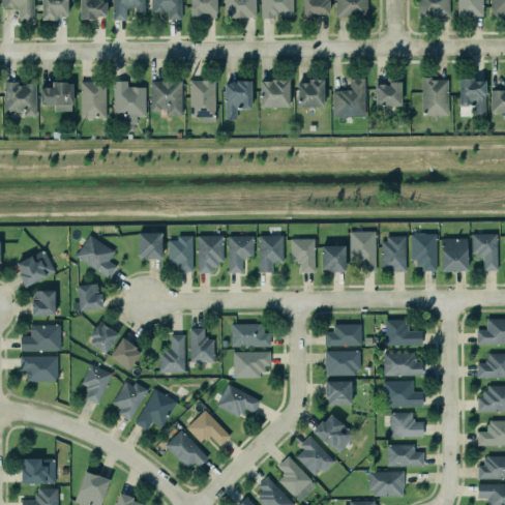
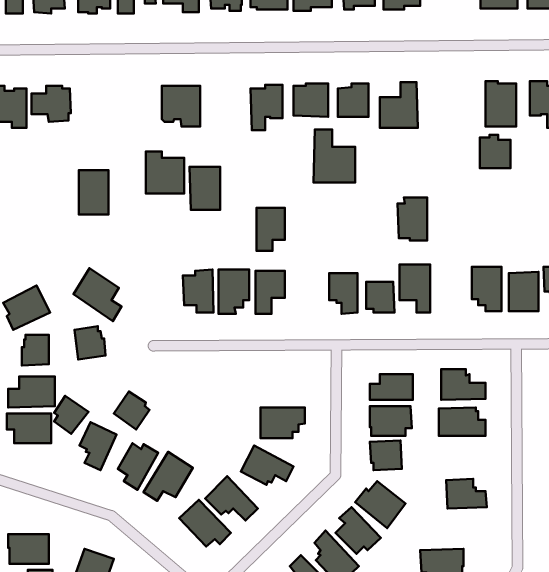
building: [377,79,403,107] -> [480,135,510,168]
building: [190,81,216,117] -> [190,167,220,210]
building: [82,82,107,119] -> [79,170,108,214]
building: [115,82,147,117] -> [146,152,184,193]
building: none -> [313,129,355,182]
building: [139,233,162,259] -> none
building: [260,236,284,272] -> [256,208,285,251]
building: [382,236,407,272] -> [398,197,427,241]
building: [91,322,120,354] -> [54,396,89,434]
building: [232,324,271,347] -> none
building: [190,329,214,362] -> none
building: [160,335,185,373] -> none
building: [383,380,423,407] -> none
building: [387,444,424,466] -> none

